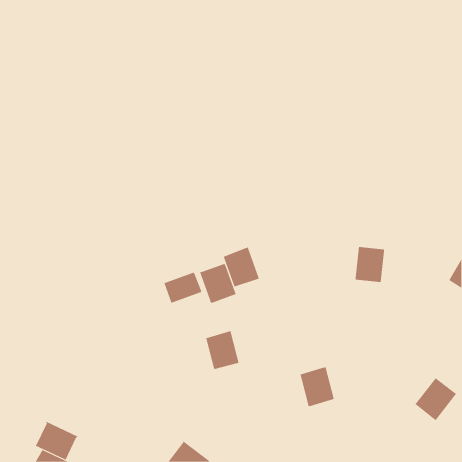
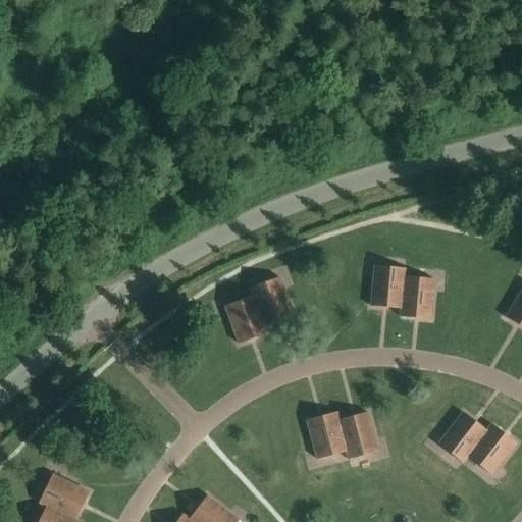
building: none -> [370,265,405,316]
building: [162,269,203,304] -> none
building: [205,330,242,371] -> [306,412,348,459]
building: none -> [437,412,491,462]

